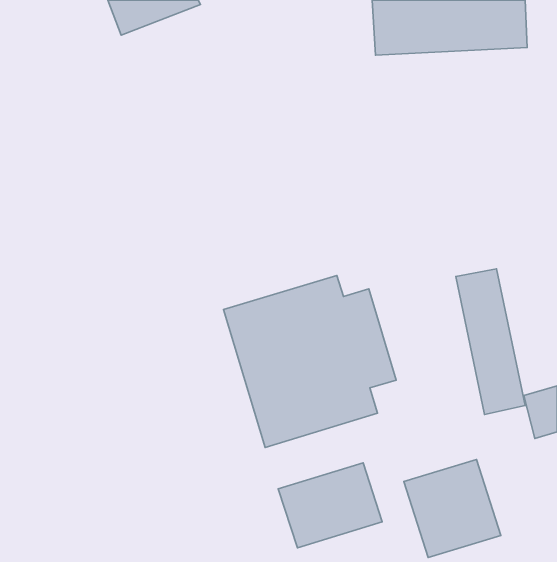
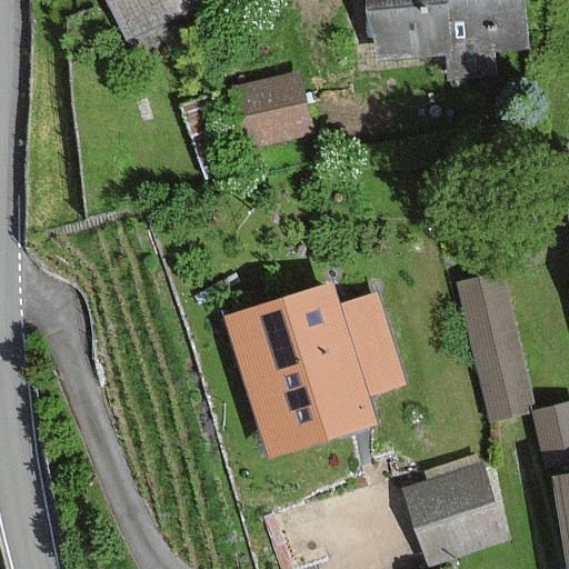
building: none -> [233,76,310,148]
building: [278,463,382,548] -> none

